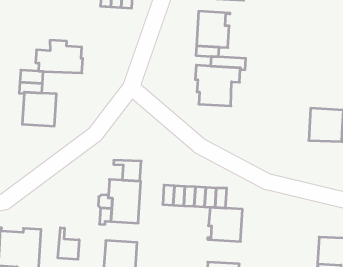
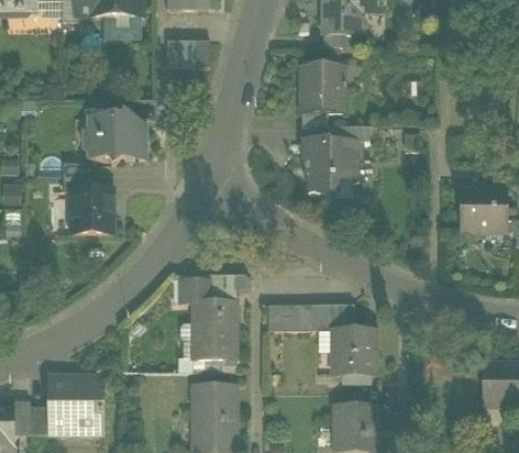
building: none -> [180,280,210,302]
building: [58,228,79,259] -> none

